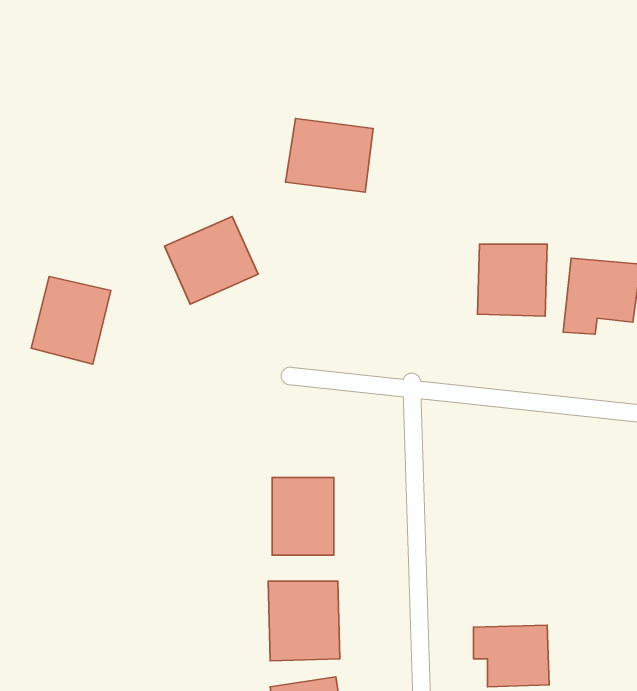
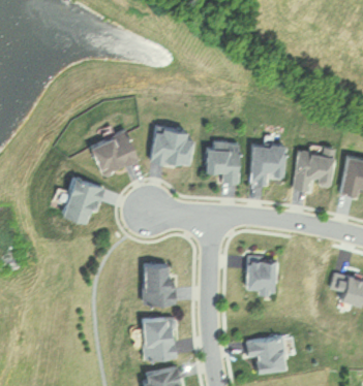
building: [286,119,373,192] -> [147,126,192,164]
building: none -> [205,143,239,182]
building: [31,277,111,364] -> [59,178,100,223]
building: none -> [246,259,277,293]

